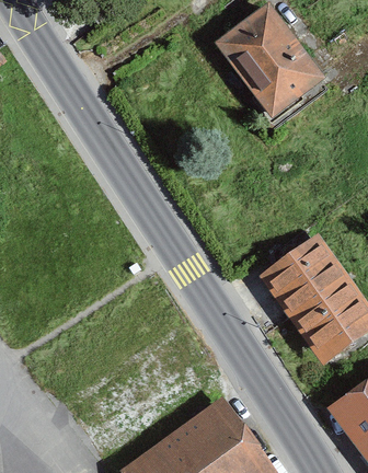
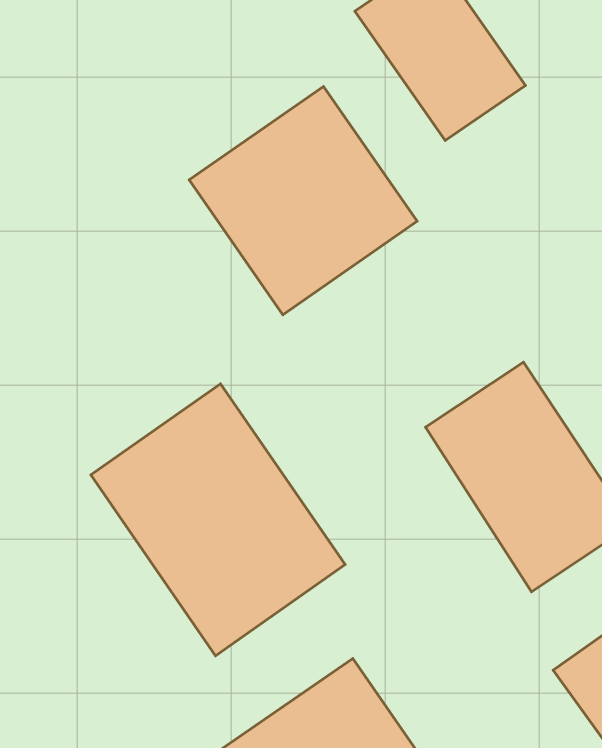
building: none -> [189,86,417,315]
building: none -> [91,384,345,656]

